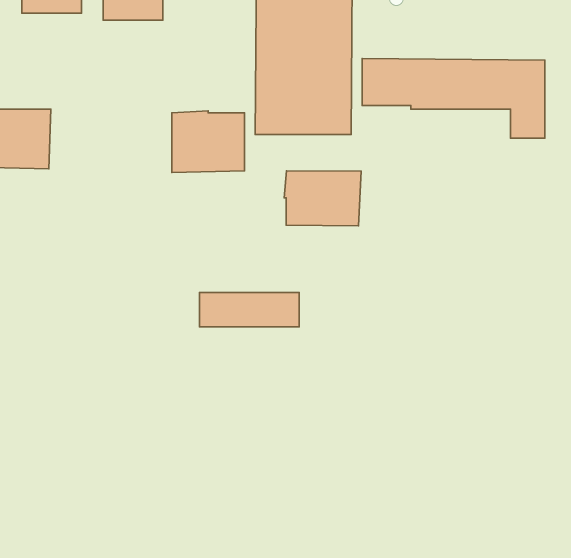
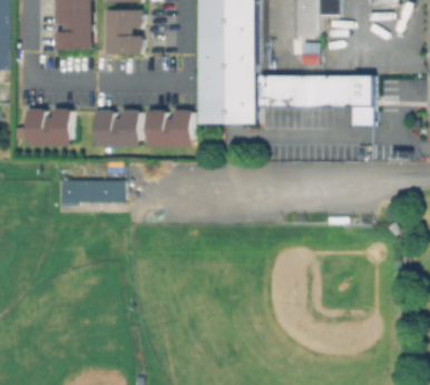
building: none -> [95,109,140,147]
building: [284,171,361,226] -> none
building: [199,292,299,327] -> [60,179,121,200]

